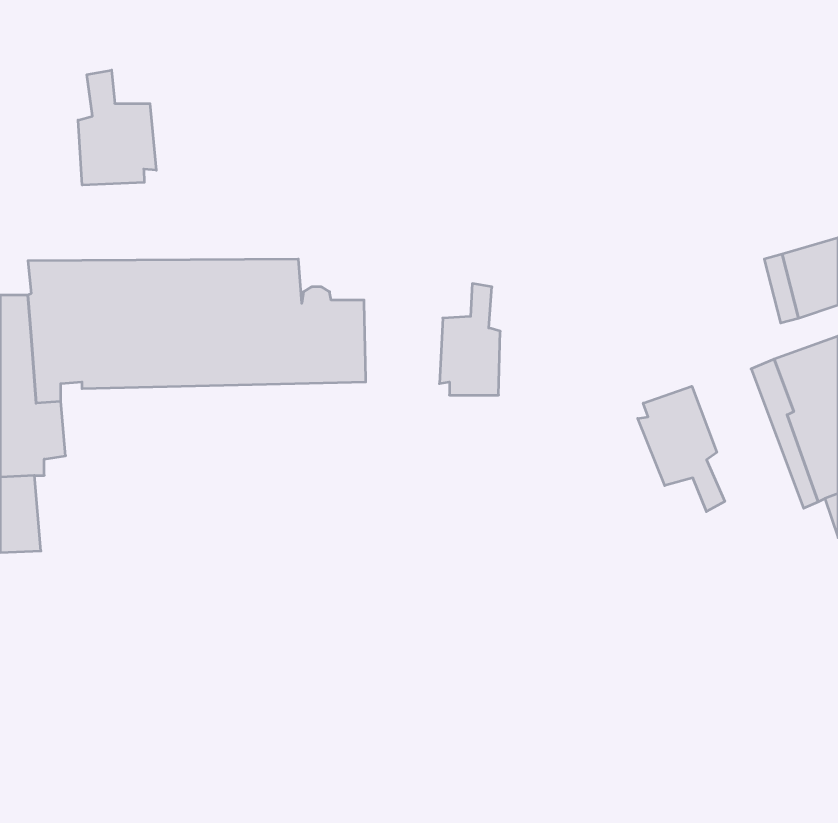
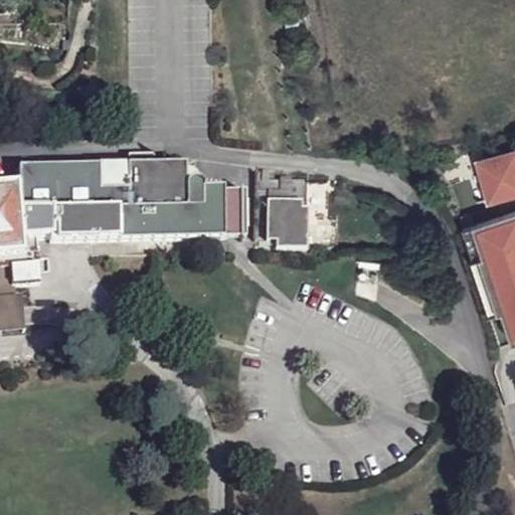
building: [78,70,156,185] -> none
building: none -> [223,185,246,232]
building: [638,386,725,512] -> none

